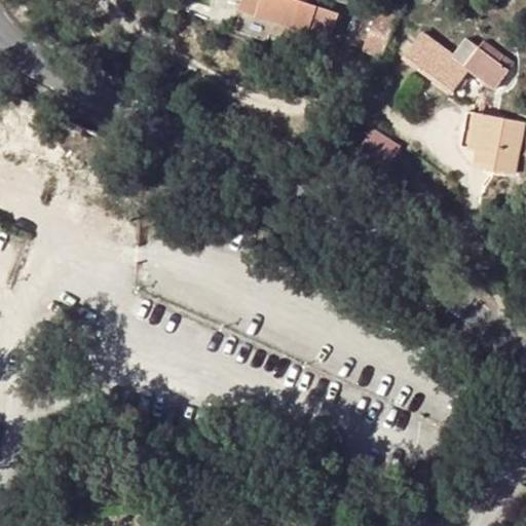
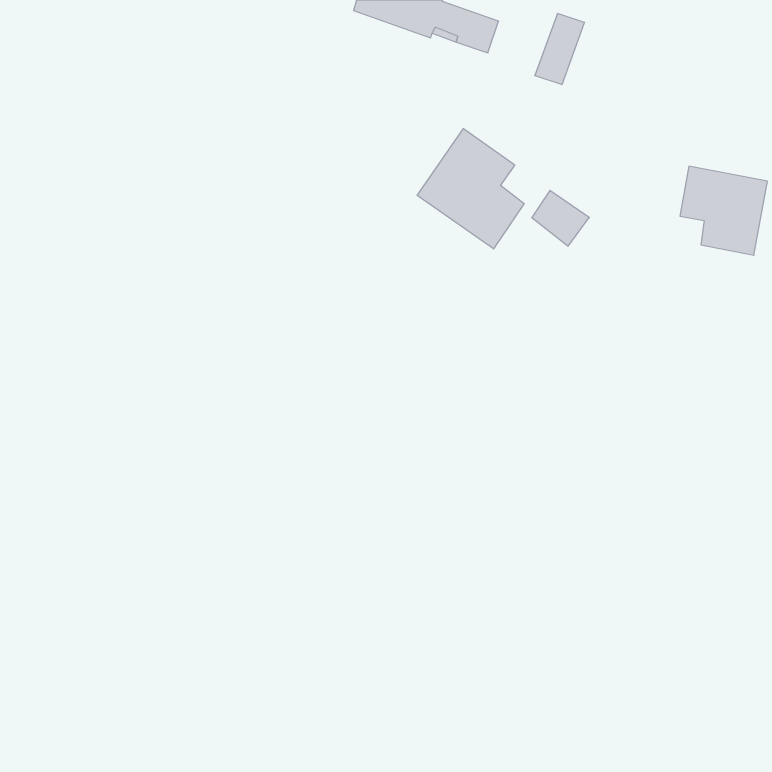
building: [406,34,514,92] -> none
building: none -> [417,129,524,249]

